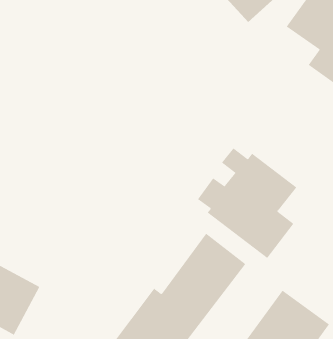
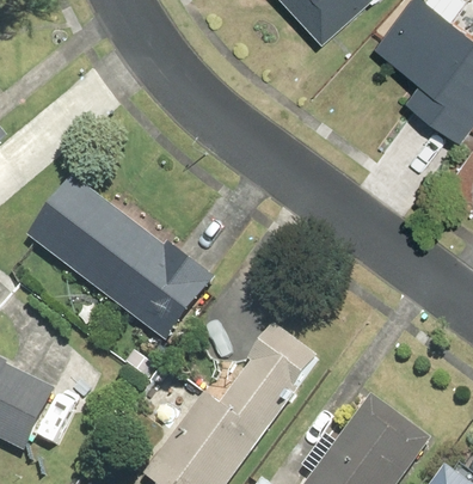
building: none -> [30,184,211,341]
building: [197,148,297,259] -> none

